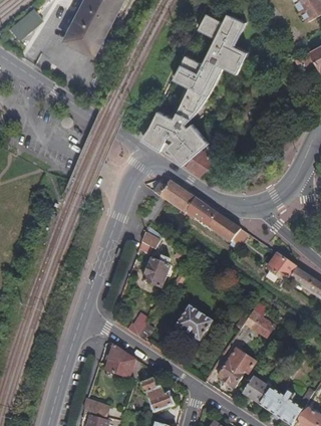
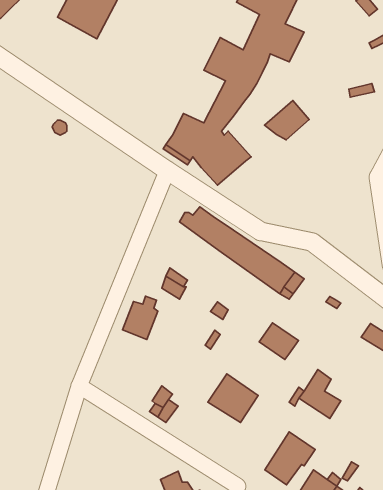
building: [183,147,216,176] -> [264,101,309,140]
building: [267,254,296,281] -> [259,323,298,359]
building: [143,255,170,287] -> [123,296,158,339]
building: [104,344,135,377] -> none

